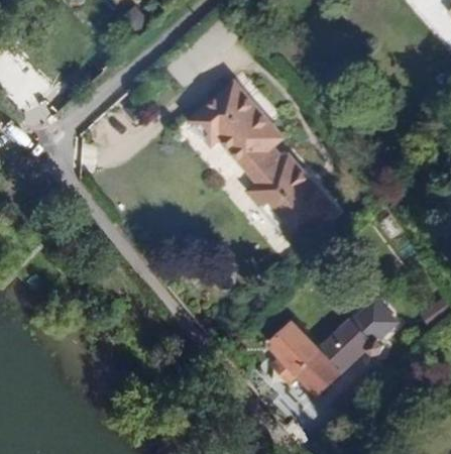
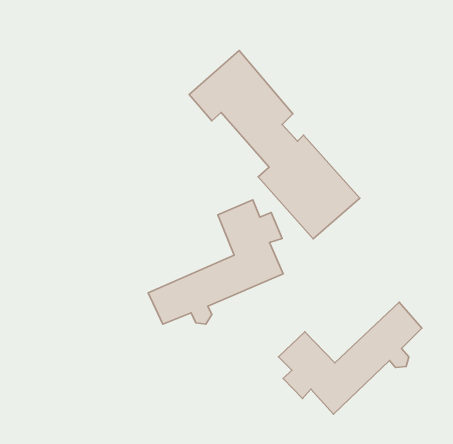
building: none -> [148,200,283,324]

